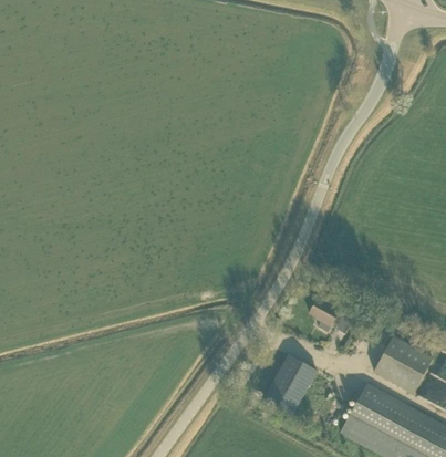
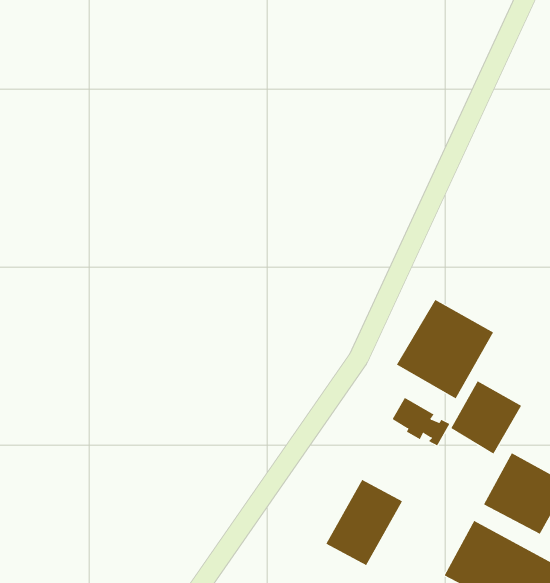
building: none -> [396,299,494,399]
building: none -> [450,380,522,454]

